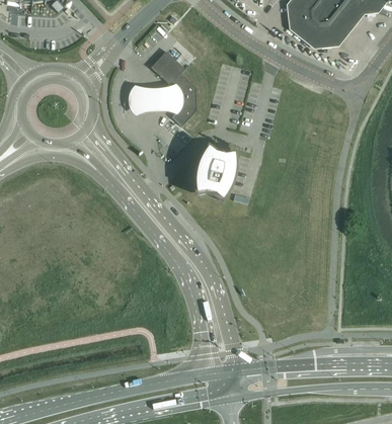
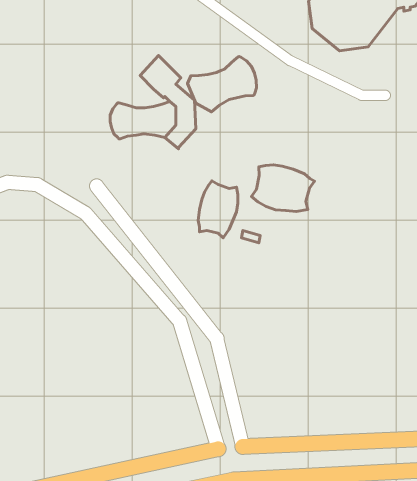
building: none -> [187,56,257,112]
building: none -> [251,165,315,211]

